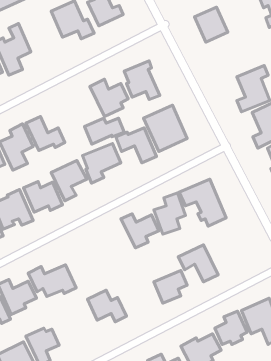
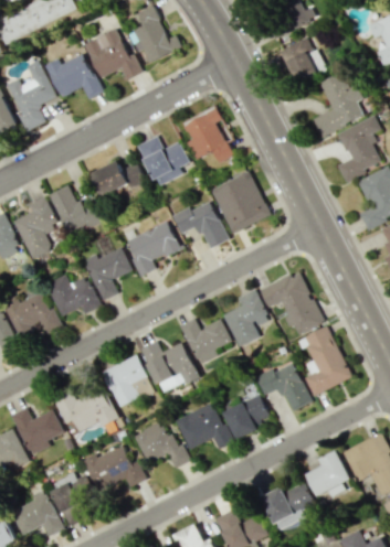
building: none -> [46,53,102,99]
building: none -> [313,72,363,136]
building: [84,118,124,144] -> [91,162,145,197]
building: none -> [301,325,351,396]
building: none -> [140,342,199,394]
building: none -> [102,355,147,408]
building: none -> [176,404,231,449]
building: none -> [85,444,147,491]

